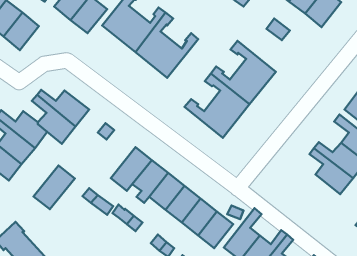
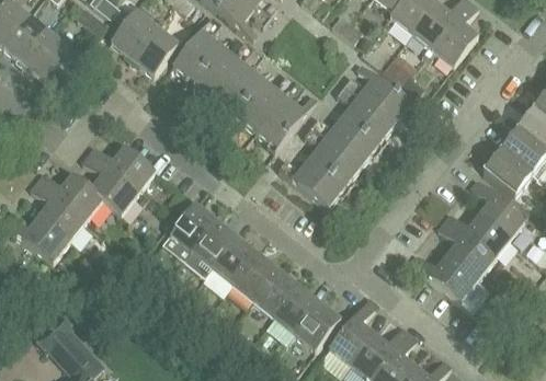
building: none -> [344,77,409,124]
building: none -> [254,82,303,148]
building: [34,166,75,209] -> [161,204,214,259]
building: none -> [409,255,476,302]

